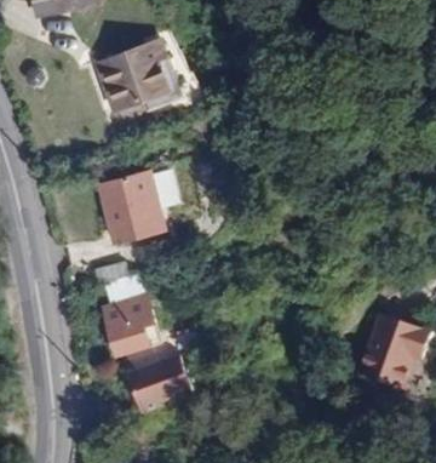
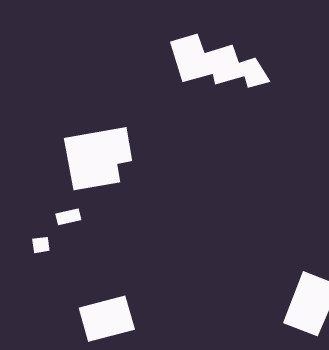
building: [91,47,212,108] -> [169,32,272,89]
building: [104,302,159,353] -> none

